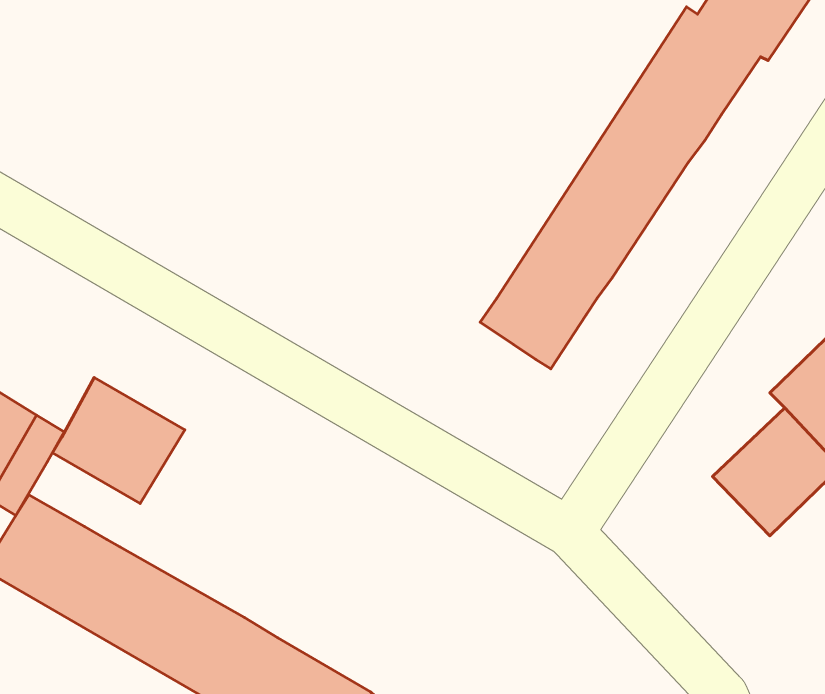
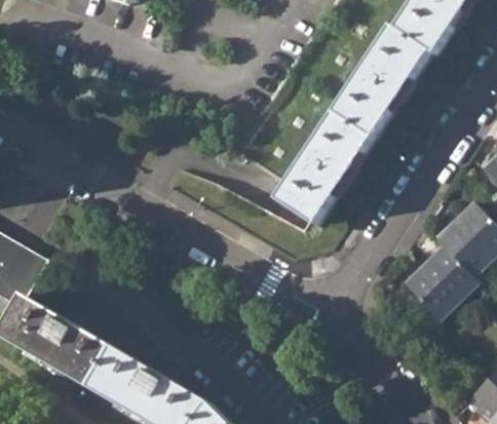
building: [52,378,185,504] -> none

